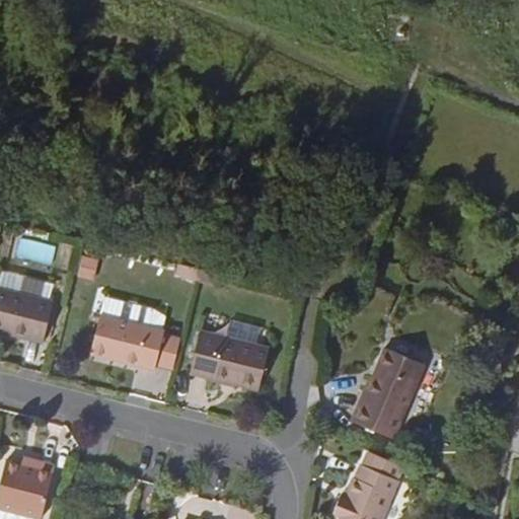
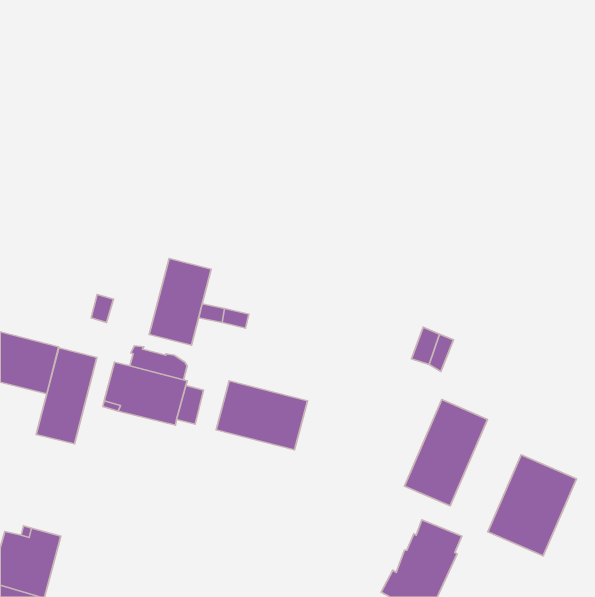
building: none -> [149,258,211,345]
building: none -> [36,348,97,444]
building: none -> [488,455,577,556]

